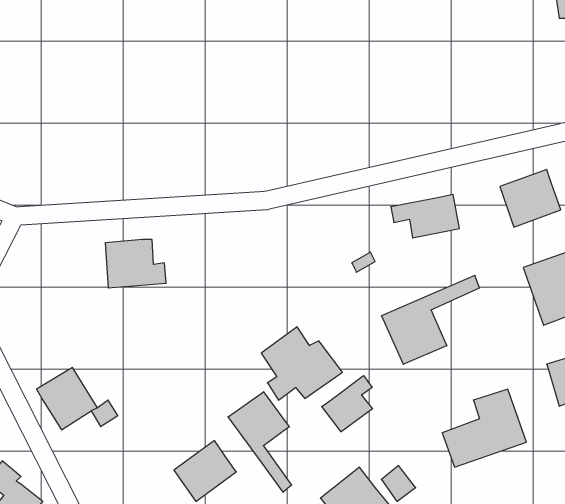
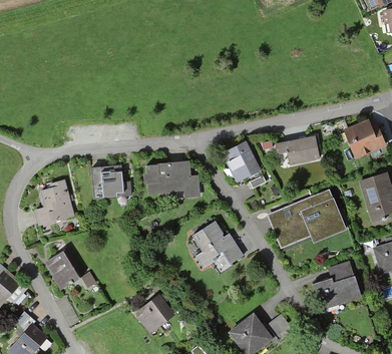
building: none -> [224,141,260,180]
building: none -> [142,162,200,198]
building: none -> [34,181,74,226]
building: none -> [301,198,345,242]
building: [322,376,372,432] -> none
building: [228,392,292,492] -> none

